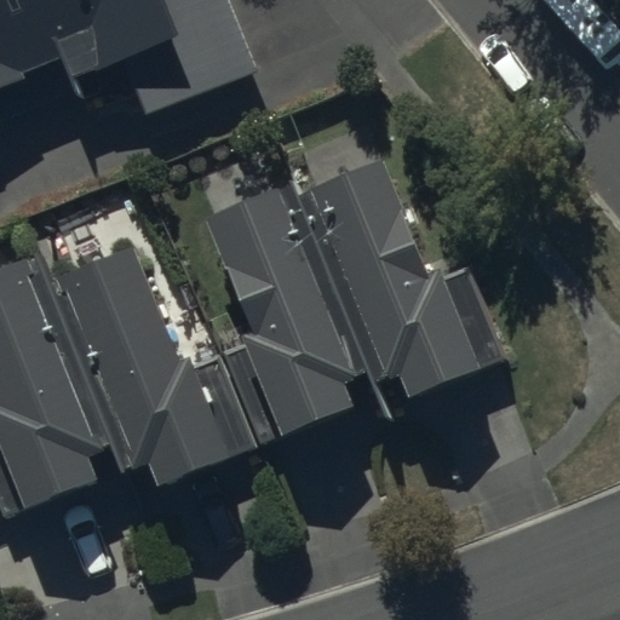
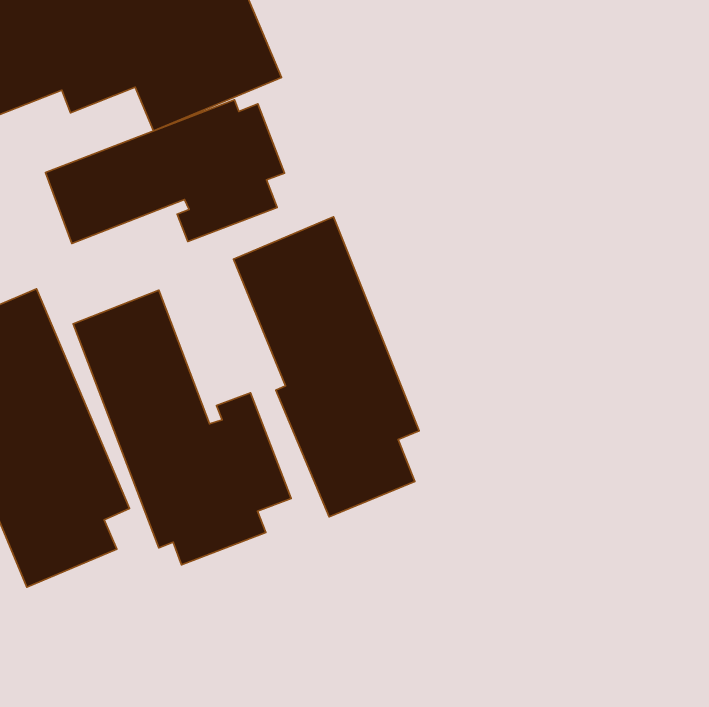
building: none -> [45,100,284,243]
building: [293,160,482,397] -> none

